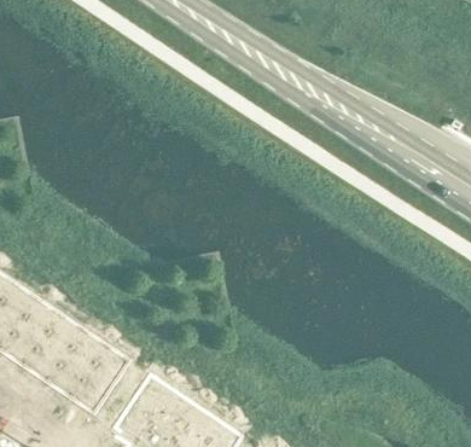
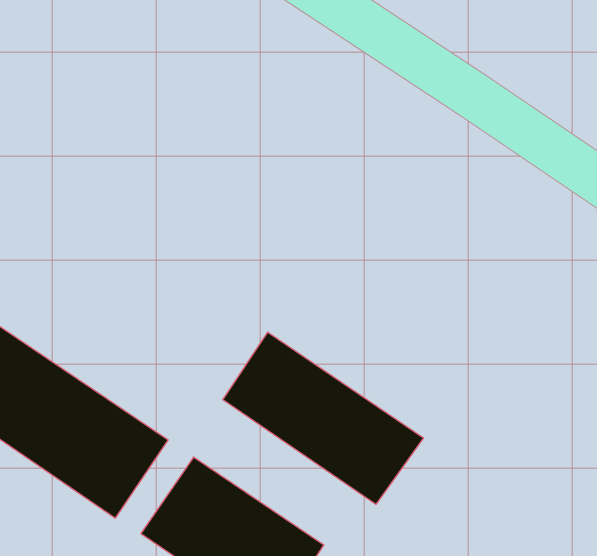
building: none -> [223,332,423,504]

